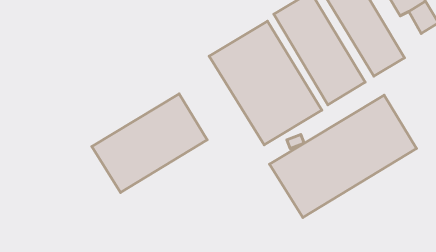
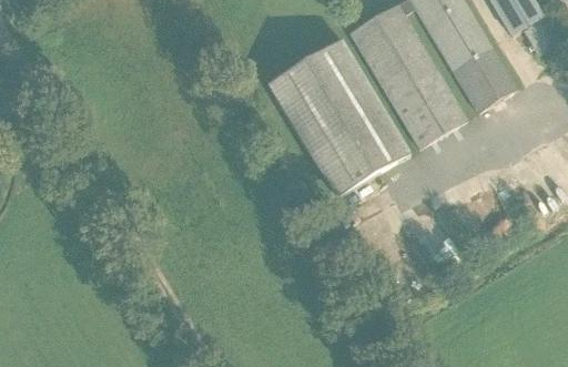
building: [92,94,207,192] -> none
building: [270,95,416,218] -> none

